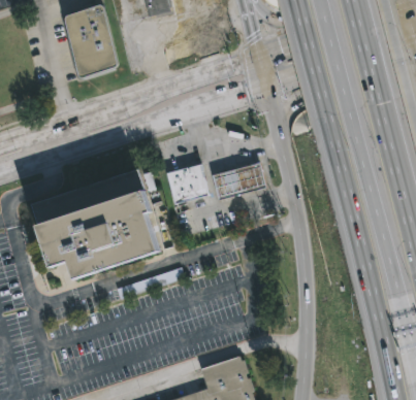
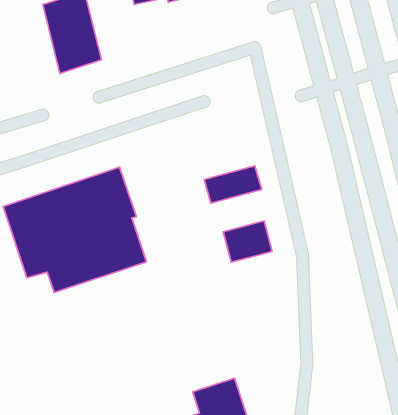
building: [166,165,207,204] -> none
building: none -> [223,221,272,262]

